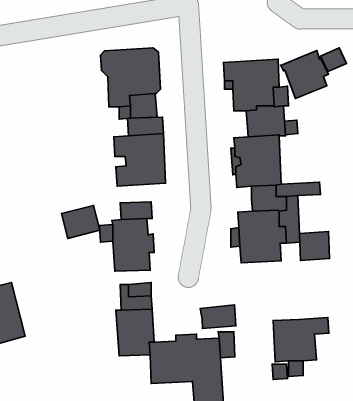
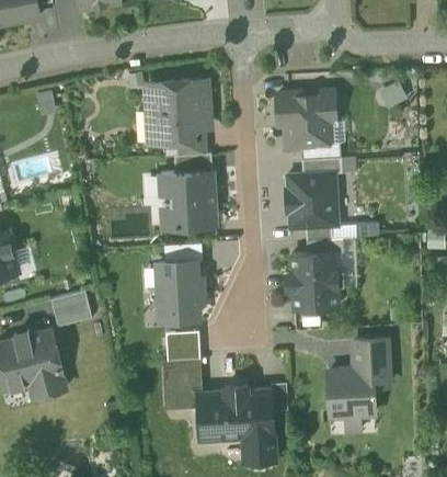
building: [281,51,328,98] -> none
building: [62,205,100,238] -> [51,289,92,325]
building: [300,232,330,260] -> [355,338,387,368]
building: [200,305,236,328] -> none

